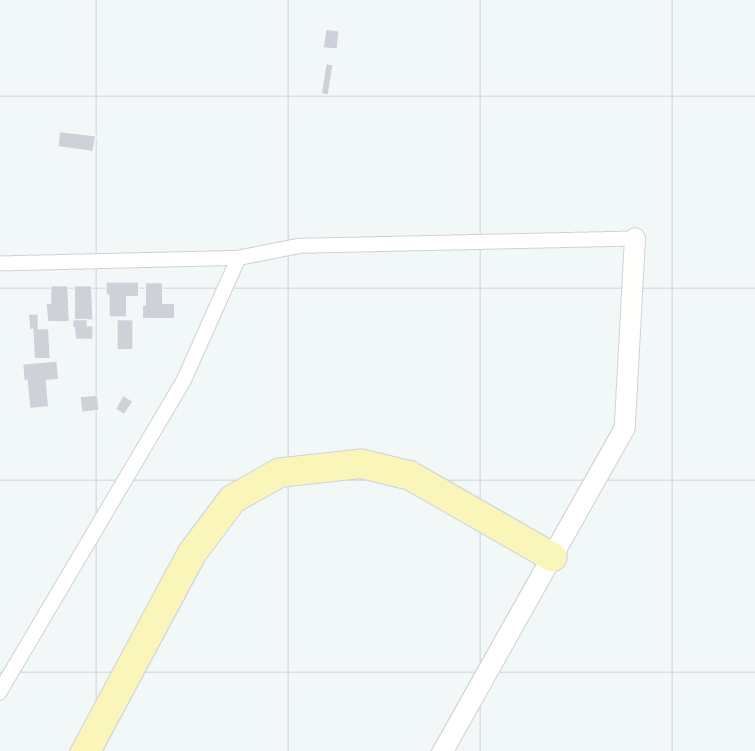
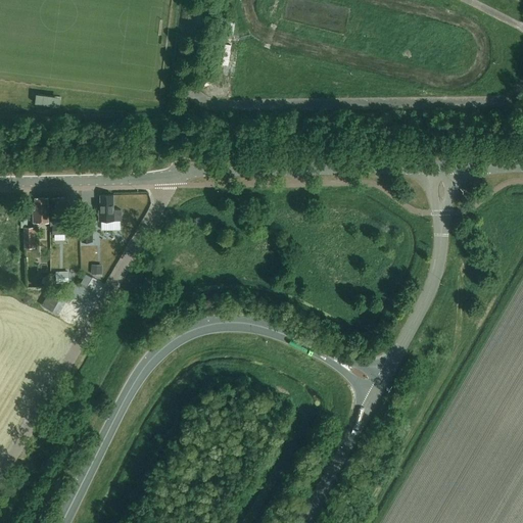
building: [106,282,138,317] -> none
building: [23,361,59,408] -> none

